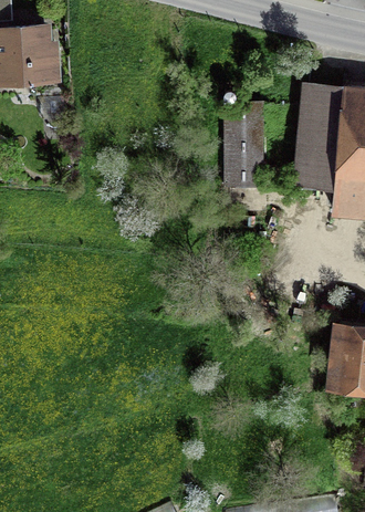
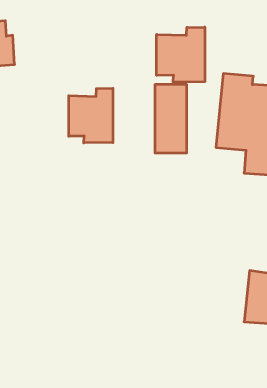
building: none -> [157,27,205,82]
building: none -> [69,88,113,143]

